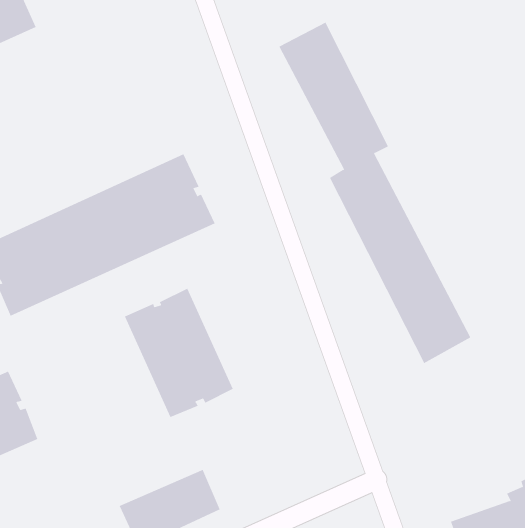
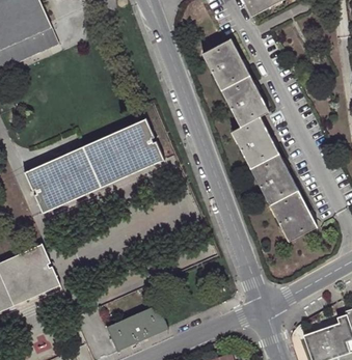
building: [124,288,233,418] -> none

